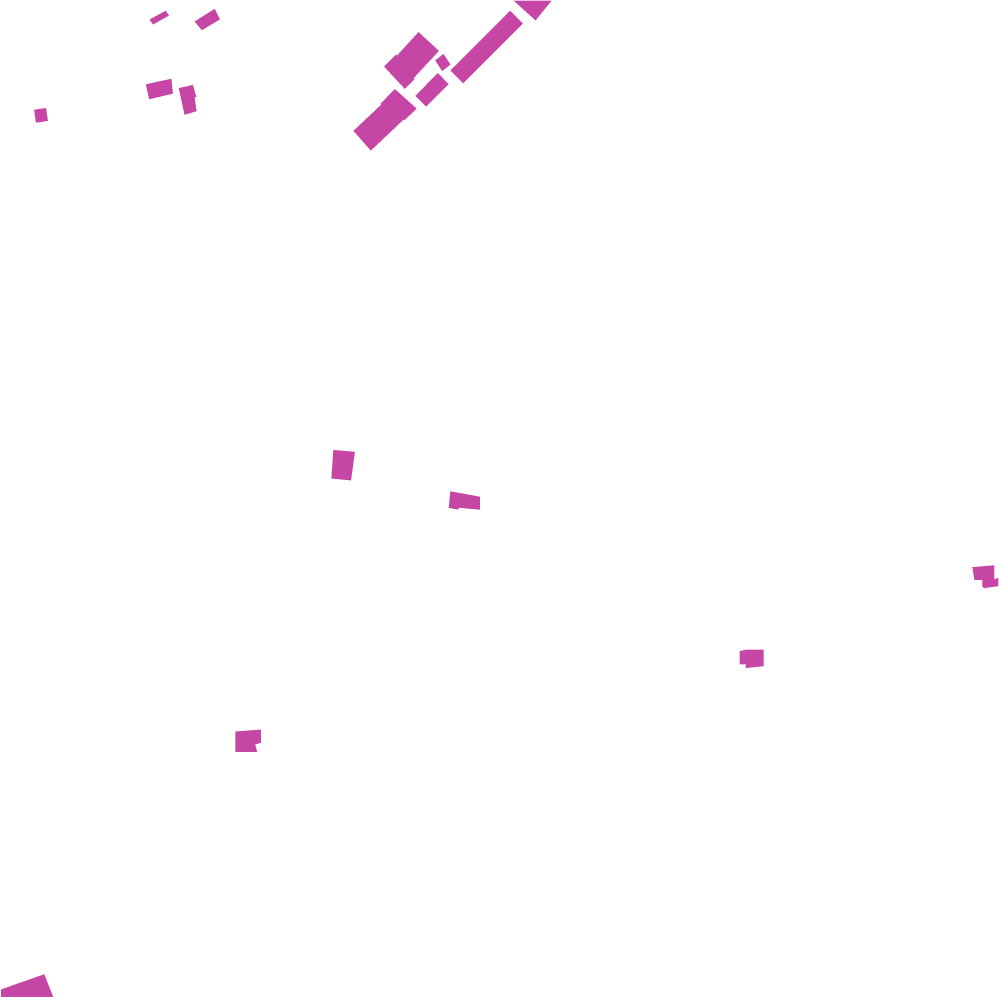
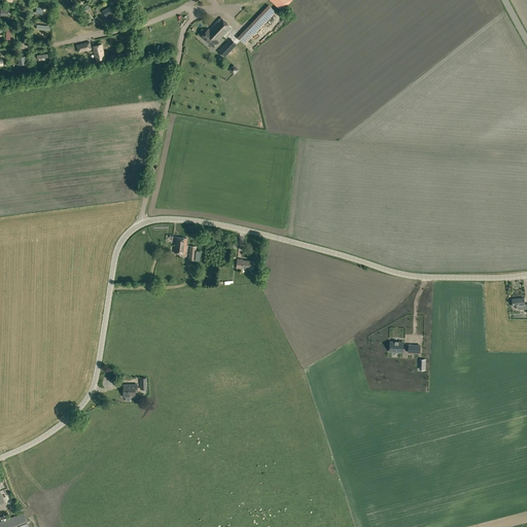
building: [352,88,417,151] -> none

